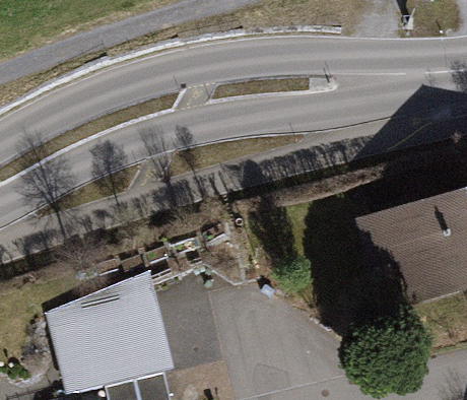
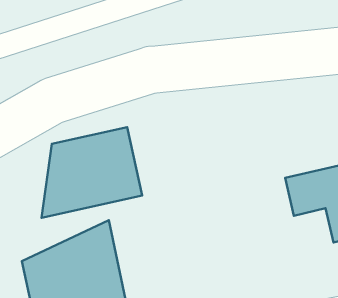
building: none -> [42,127,142,218]

